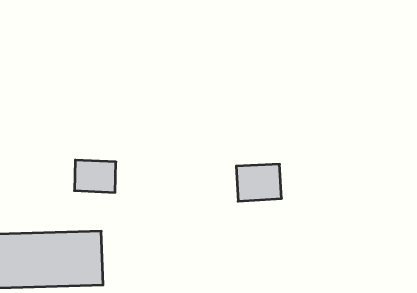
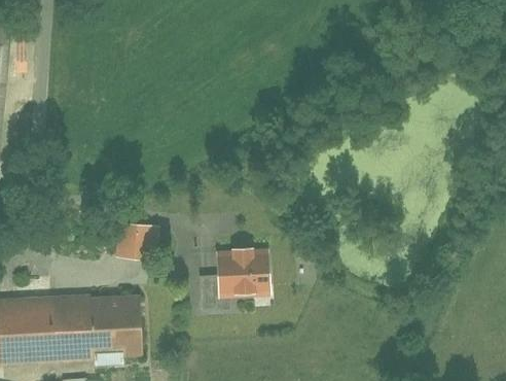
building: [236,164,282,201] -> [210,258,260,300]

